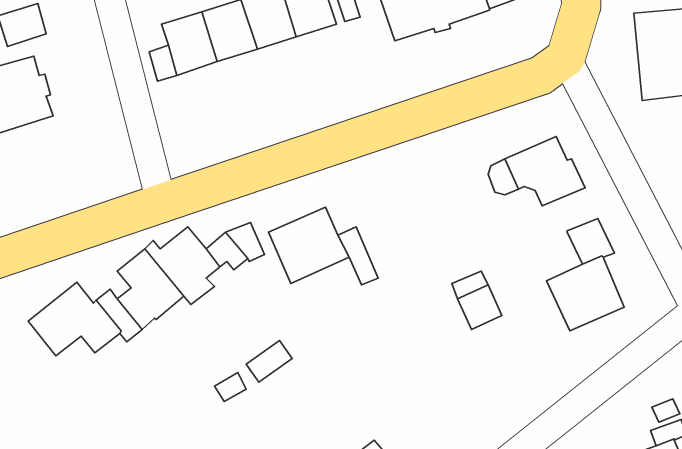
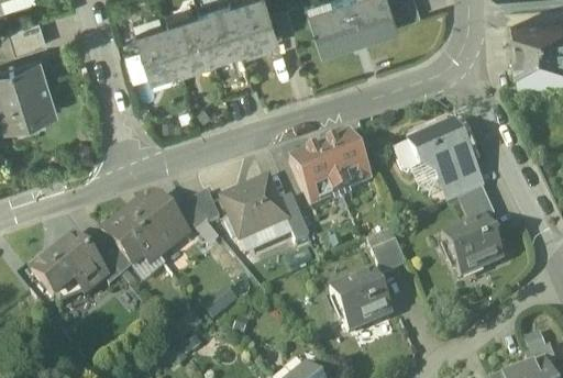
building: none -> [290,134,373,209]
building: none -> [450,167,484,202]
building: none -> [332,275,393,334]

